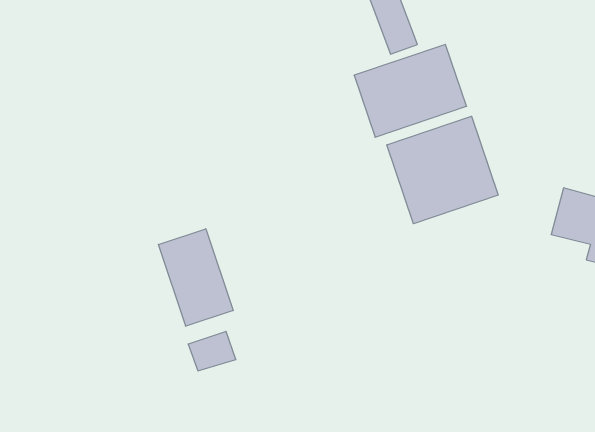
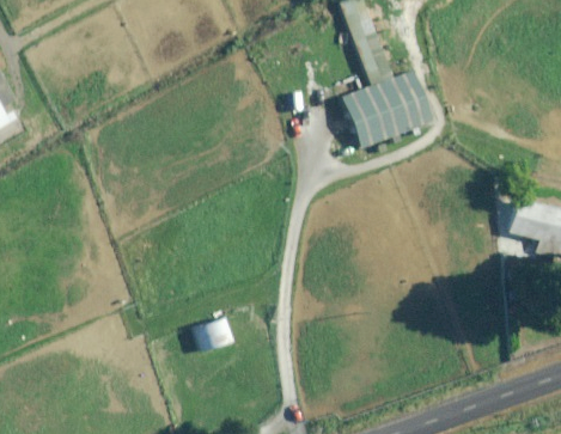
building: [387,116,498,224] -> none
building: [158,229,233,326] -> none

